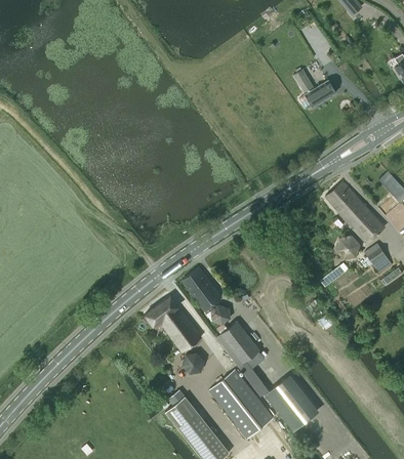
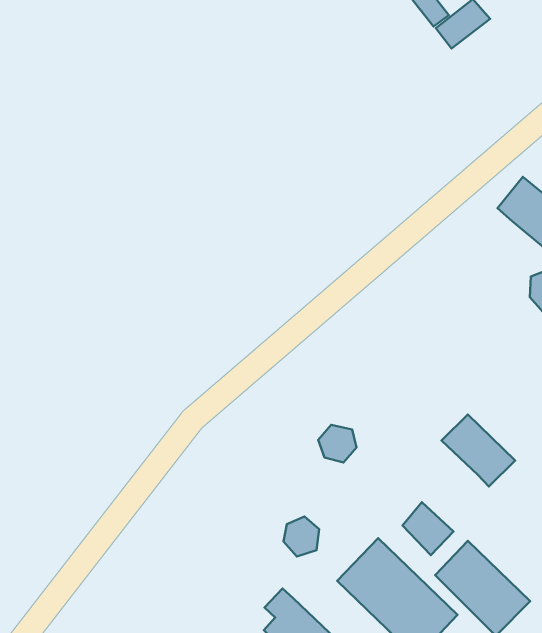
building: [181,267,220,309] -> none
building: [145,295,200,350] -> none
building: [219,321,258,362] -> [442,415,515,486]

